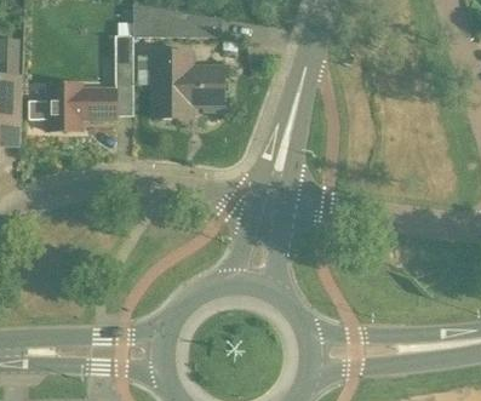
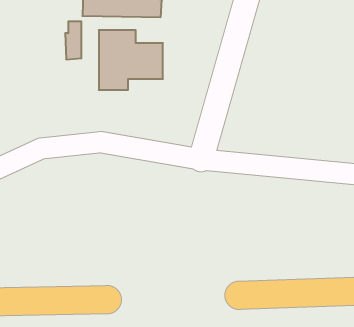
building: [47,84,115,130] -> none

